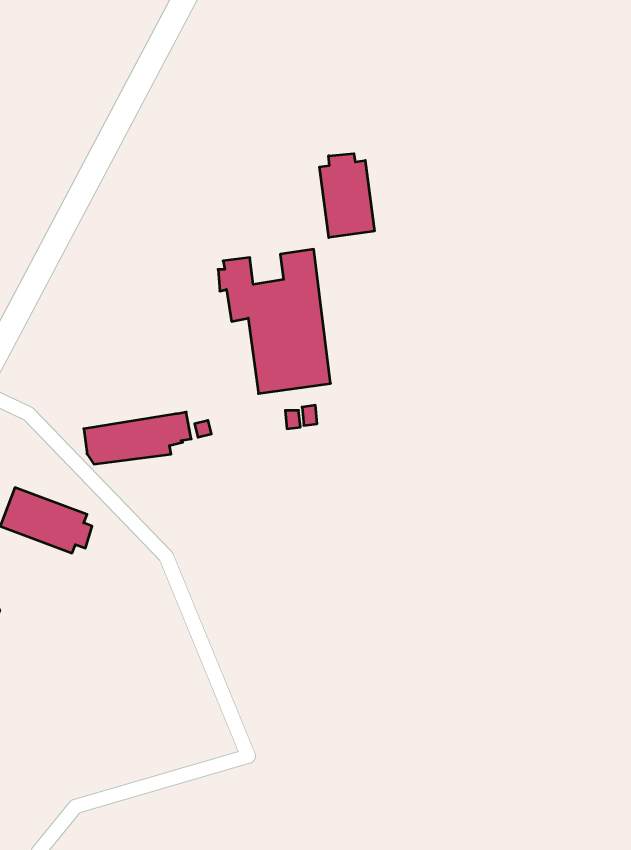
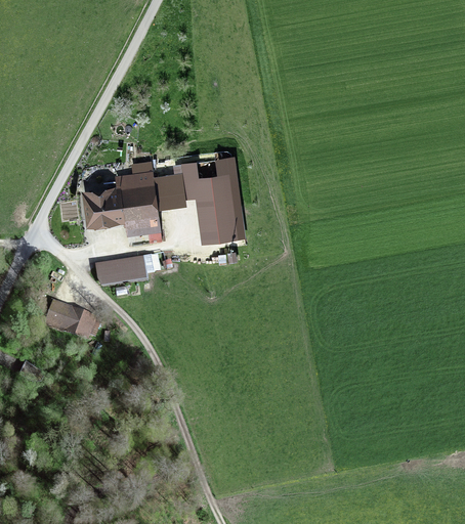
building: [320,154,374,238] -> none
building: none -> [81,161,170,242]

